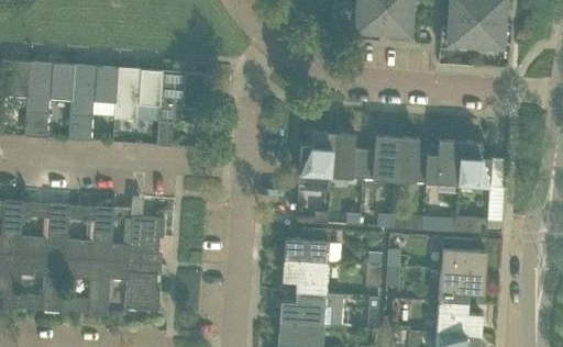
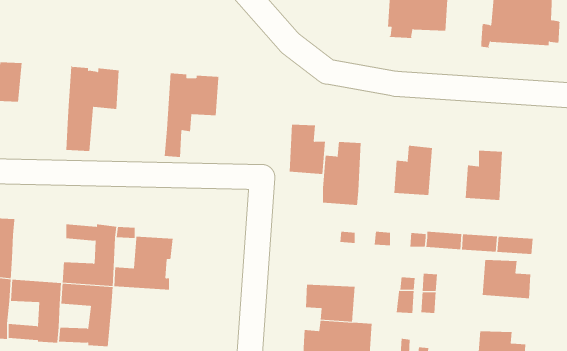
building: [24,61,73,137] -> none
building: [113,67,161,120] -> none
building: [331,133,364,178] -> [289,124,326,174]
building: [394,137,428,182] -> none
building: [457,141,492,187] -> none
building: [20,202,68,258] -> none
building: [284,227,330,261] -> none
building: [110,261,162,311] -> none
building: [439,269,484,302] -> none

